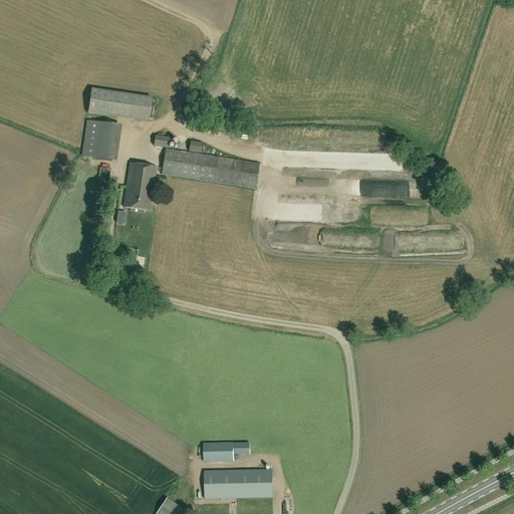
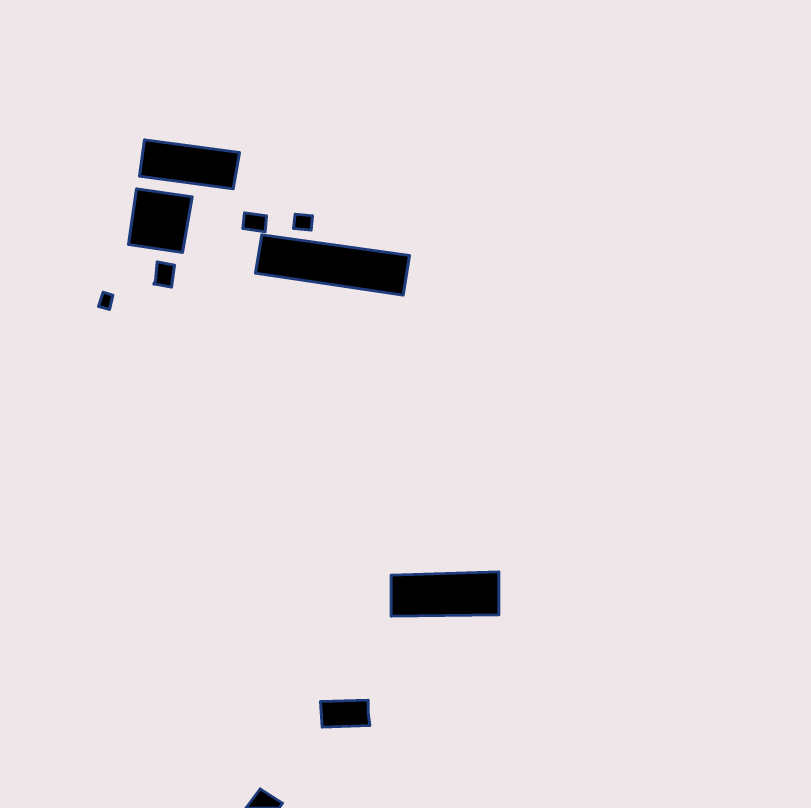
building: [123,162,156,210] -> none
building: [204,469,272,497] -> [391,572,499,616]

